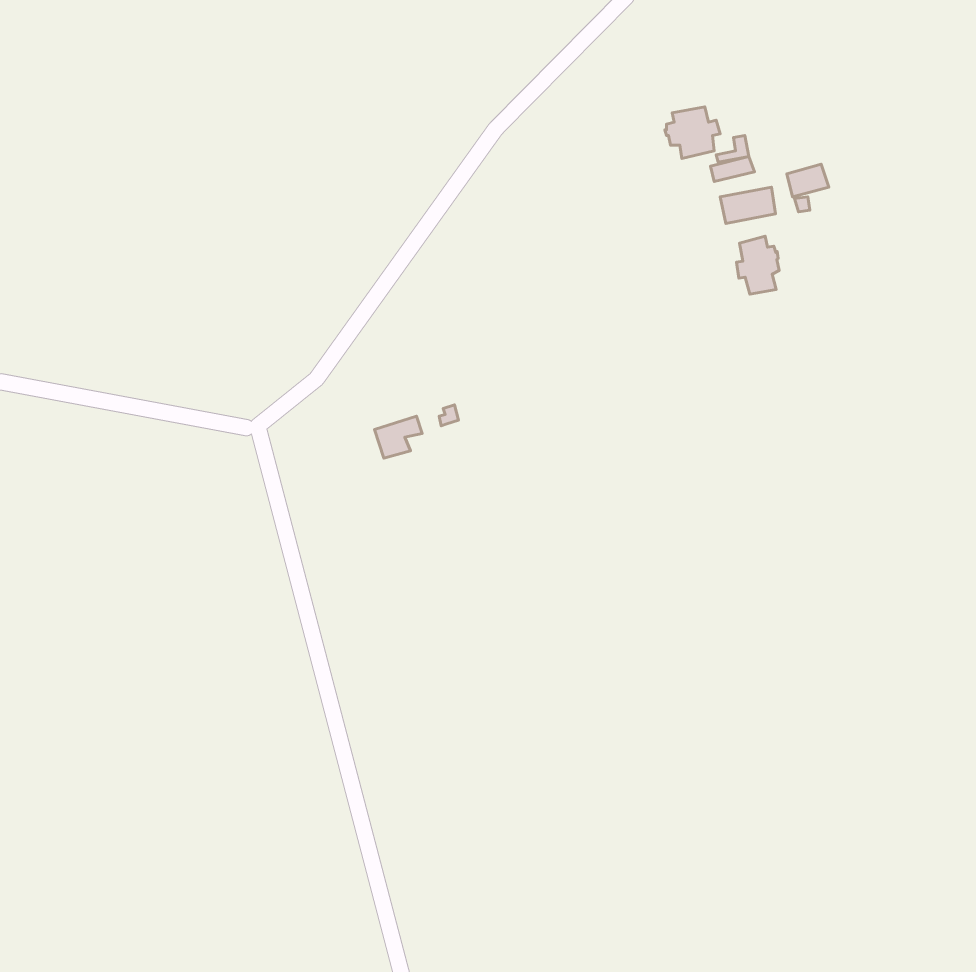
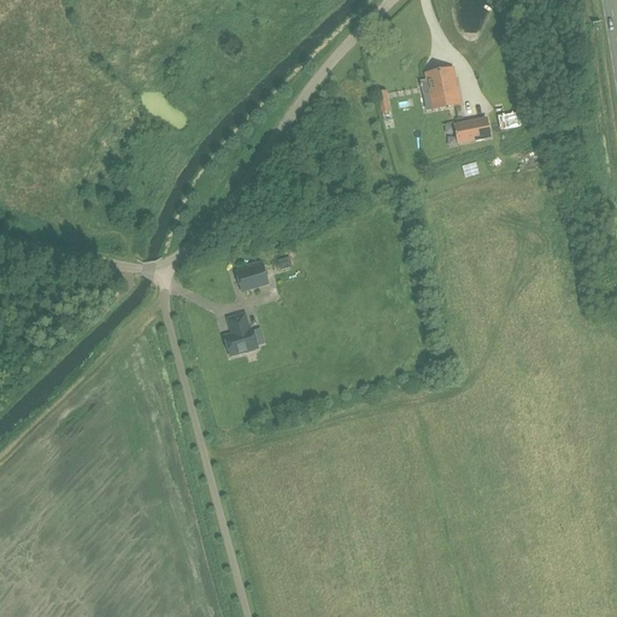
building: [737,236,779,294] -> none
building: none -> [225,313,258,353]

